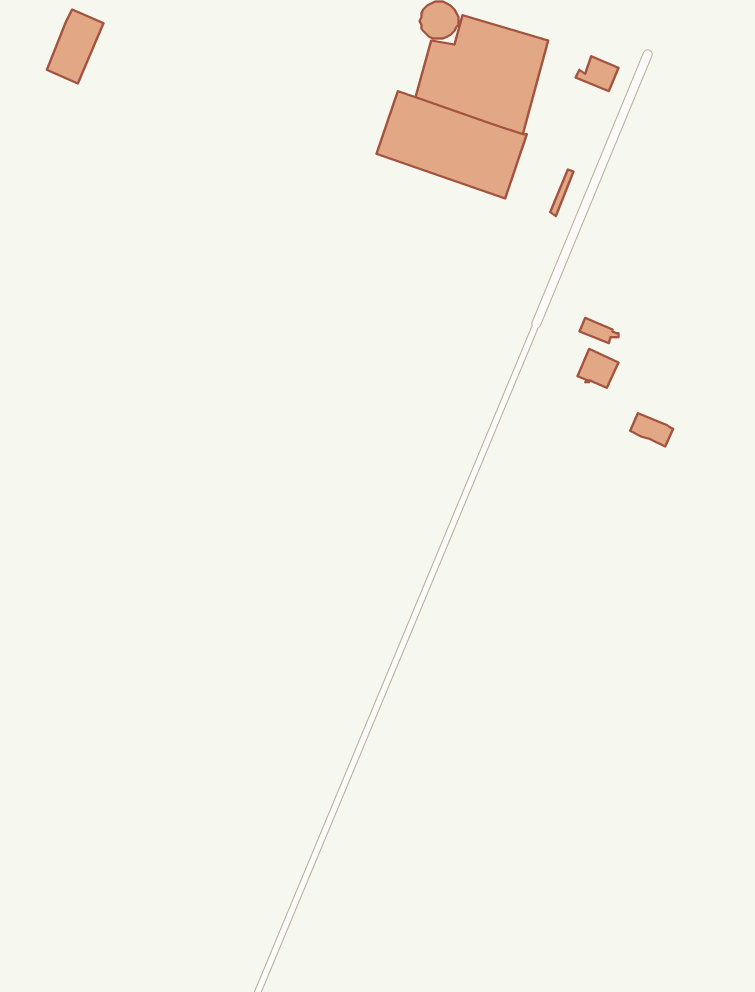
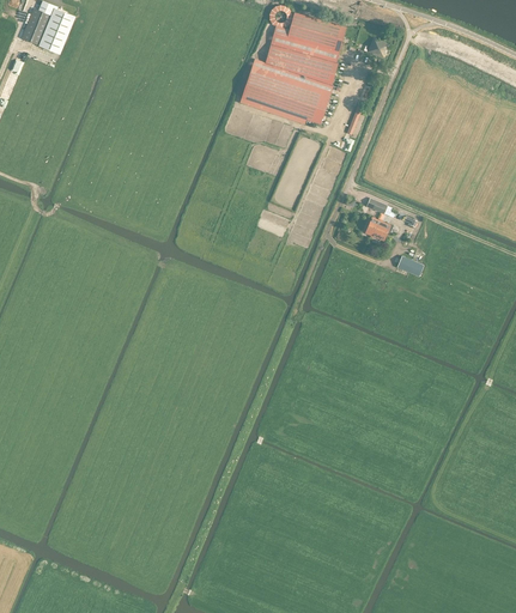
building: none -> [20,8,50,45]

